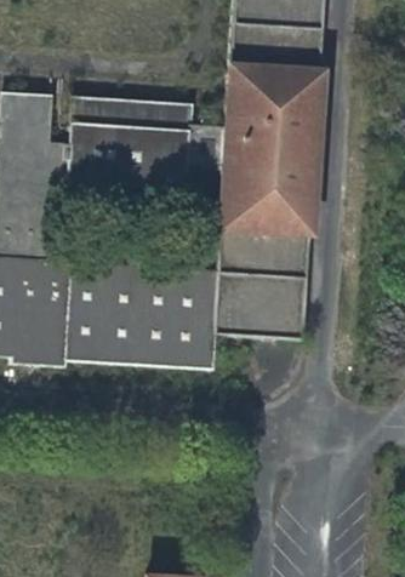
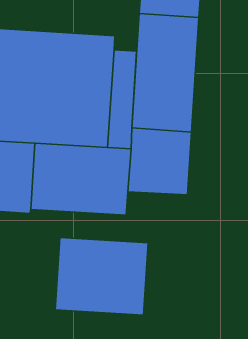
building: none -> [55,238,148,315]

